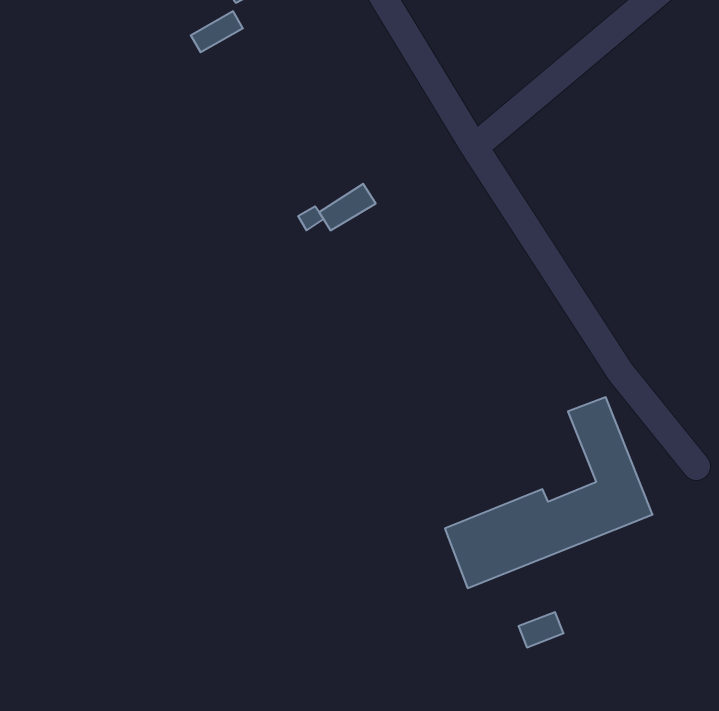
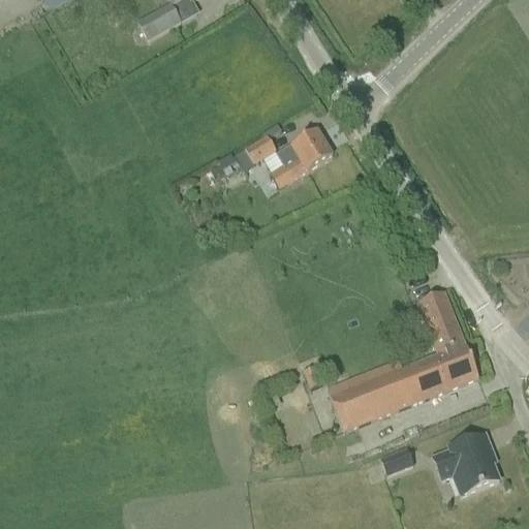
building: none -> [271,128,334,187]
building: none -> [433,432,500,492]

